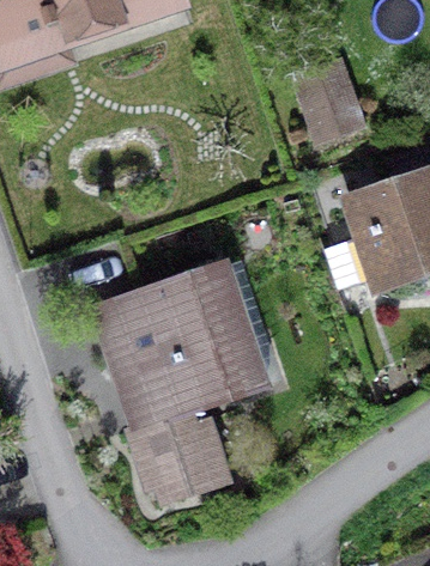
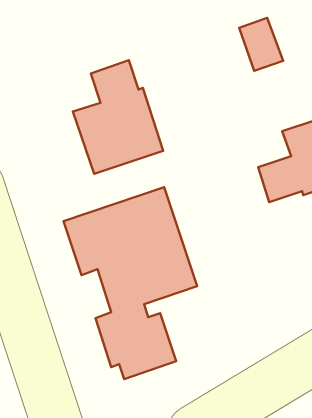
building: none -> [73,60,163,174]

